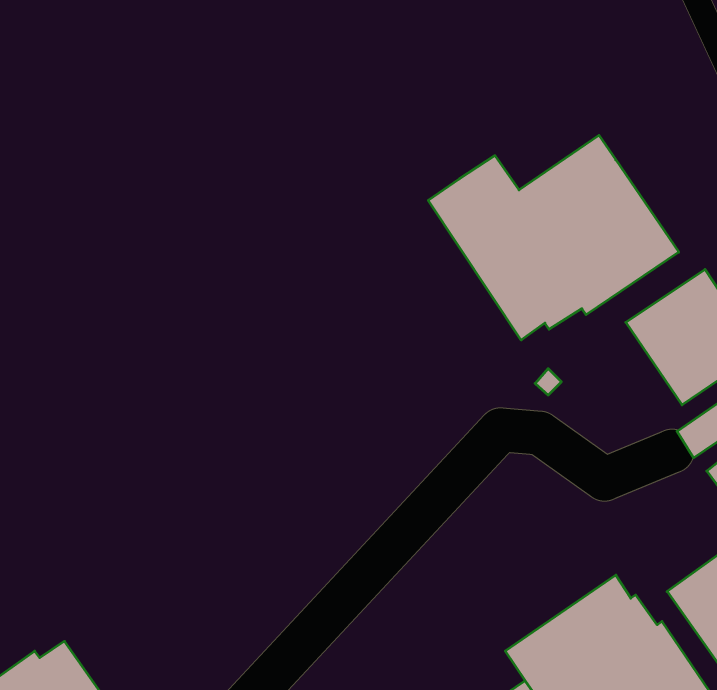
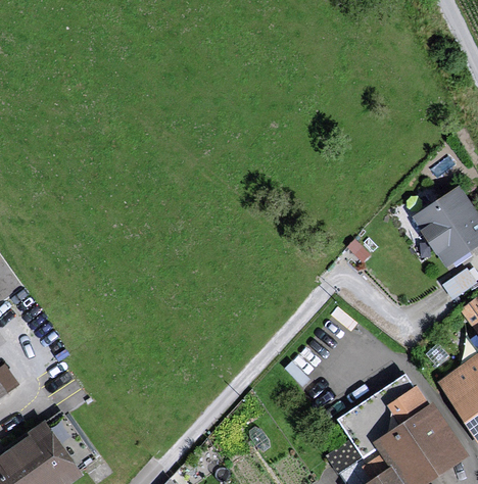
building: [428,135,679,340] -> none

